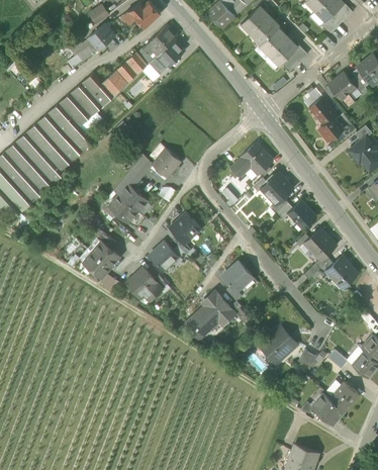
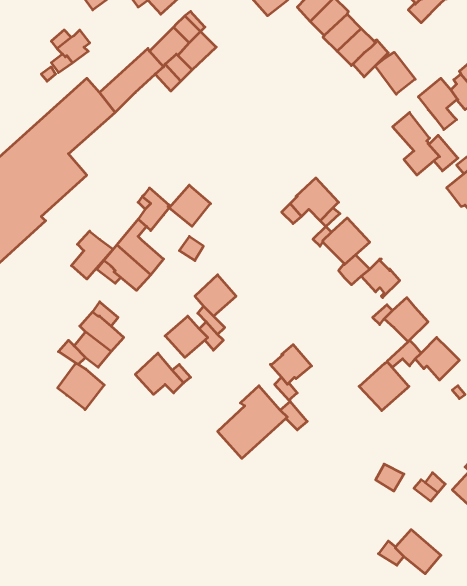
building: [88,24,115,54] -> none
building: none -> [375,52,415,94]
building: none -> [71,231,113,279]
building: none -> [58,364,104,410]
building: [262,326,297,361] -> [359,362,409,411]
building: [330,382,359,411] -> none

